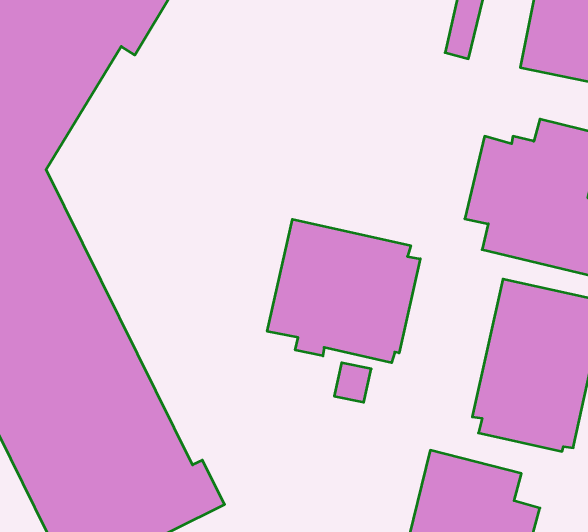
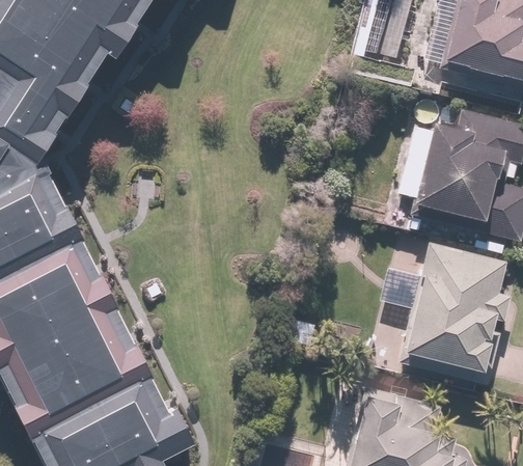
building: [267,219,420,363] -> none

